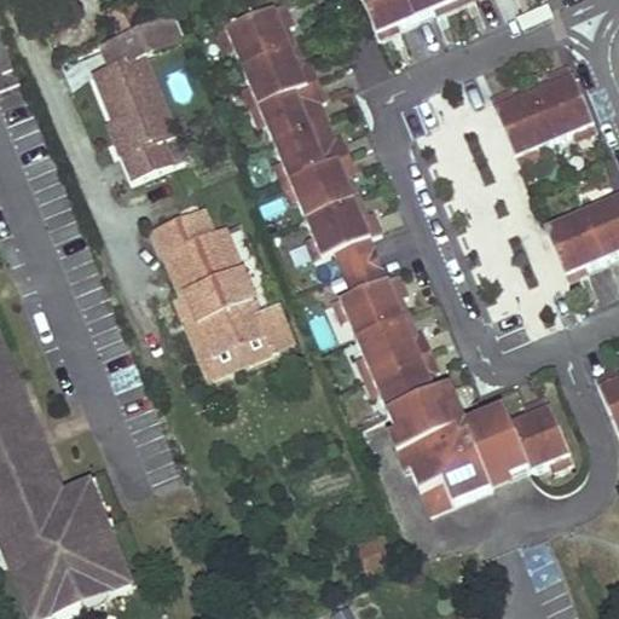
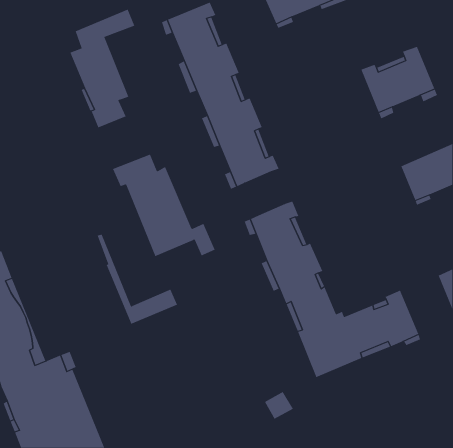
building: [332,233,387,293] -> none
building: [163,251,273,375] -> [97,234,178,325]

